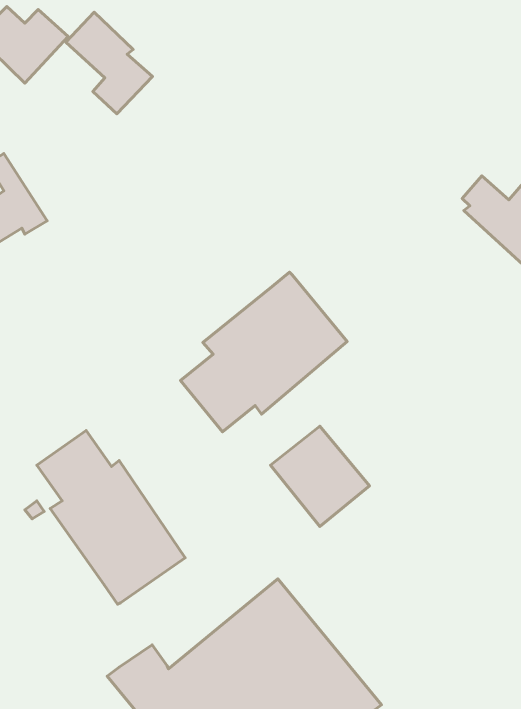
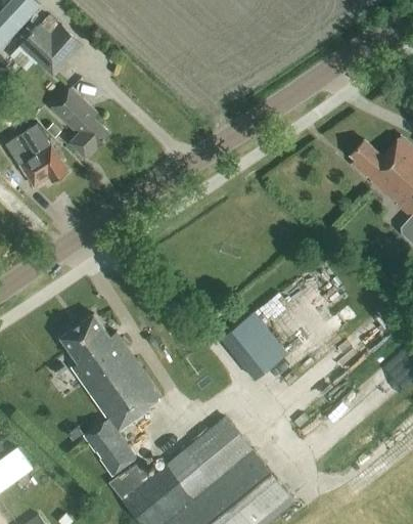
building: [66,12,153,114] -> [52,90,111,160]
building: [180,272,347,432] -> none
building: none -> [84,421,136,476]

